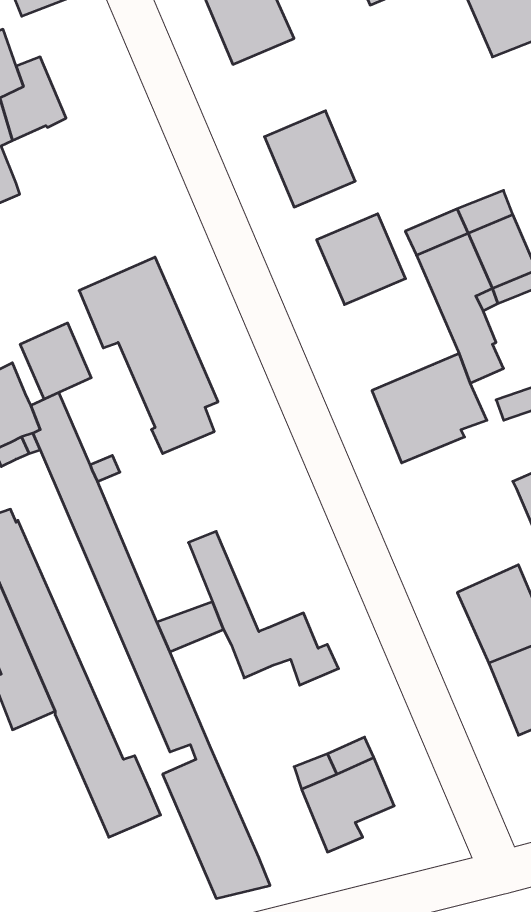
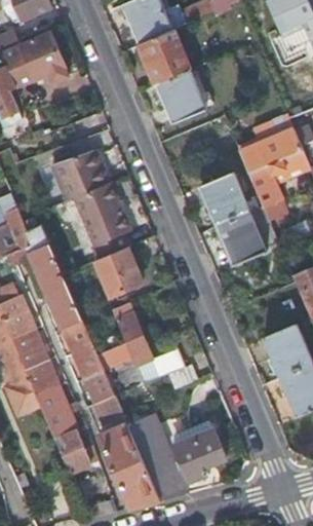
building: none -> [138,29,189,83]
building: none -> [31,31,70,85]
building: [317,214,406,305] -> [199,174,248,224]
building: [20,323,91,399] -> none
building: none -> [94,247,142,296]
building: none -> [125,411,178,483]

